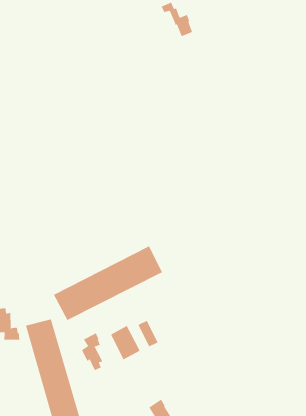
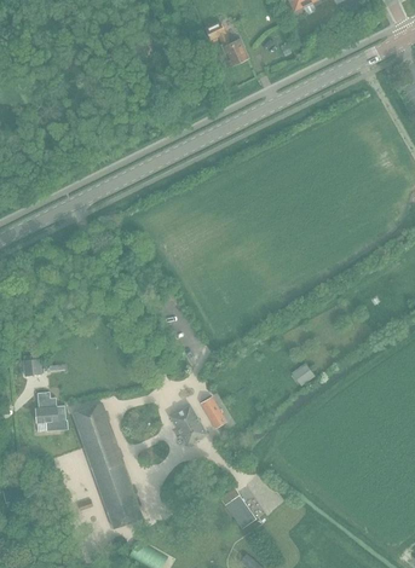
building: [53,246,163,321] -> none
building: [81,332,103,371] -> none

